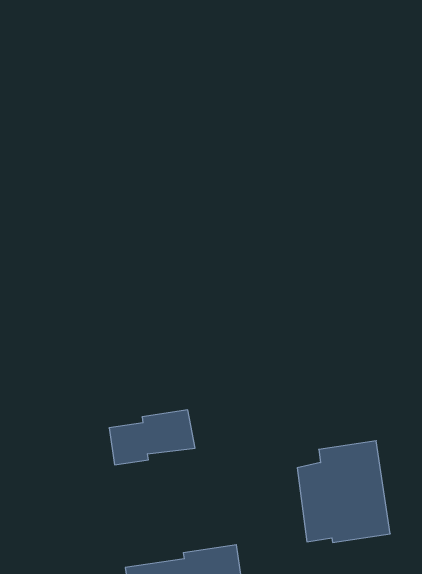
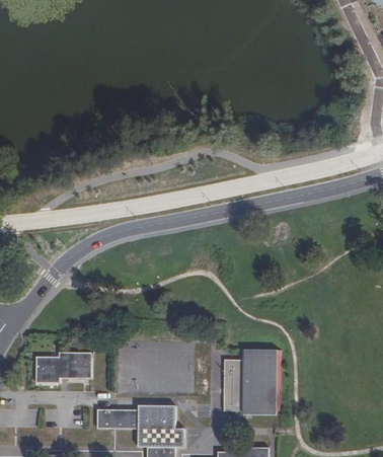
building: [109,410,195,465] -> [36,353,92,382]

